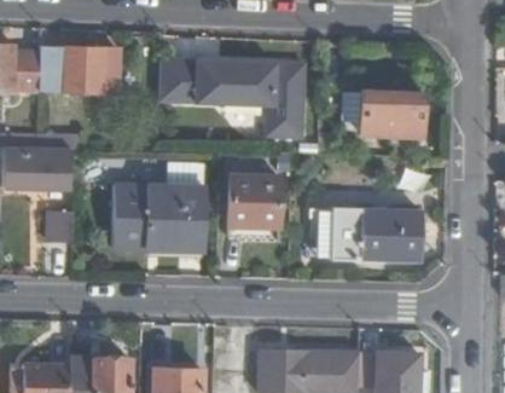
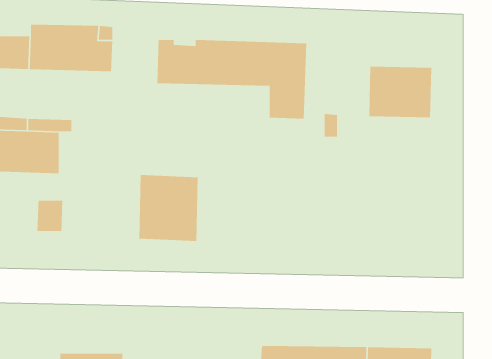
building: [225,177,277,238] -> none
building: [111,187,145,250] -> none
building: [330,208,419,260] -> none

